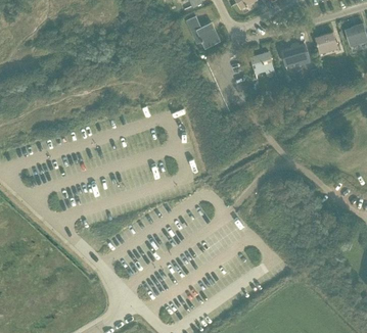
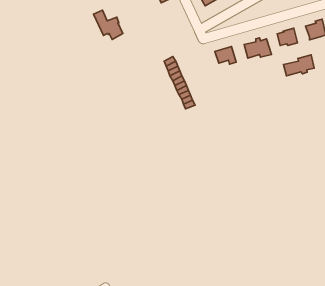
building: [186,15,217,46] -> [94,10,123,39]
building: none -> [284,55,314,76]

